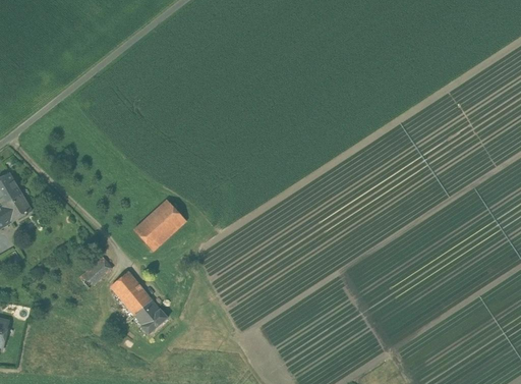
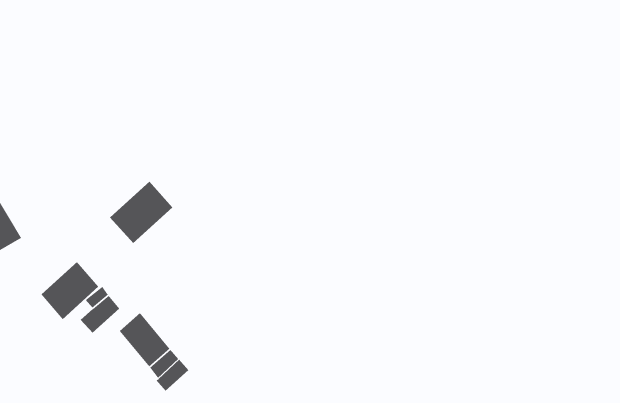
building: [133,200,185,251] -> [109,181,173,244]
building: none -> [41,261,99,320]

